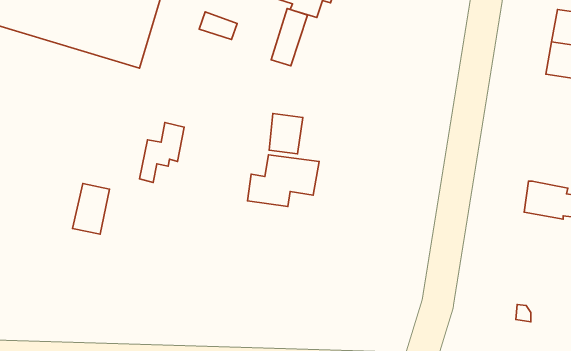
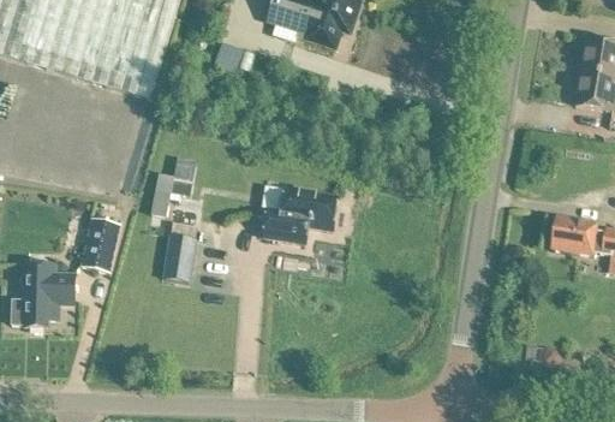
building: [271,9,307,66] -> none
building: [269,113,303,154] -> none
building: none -> [162,234,196,283]
building: none -> [11,262,76,329]

